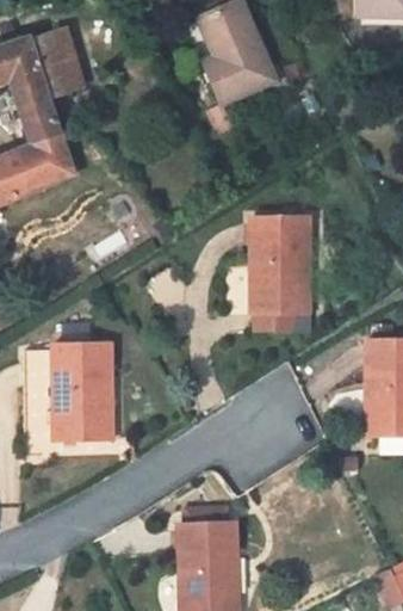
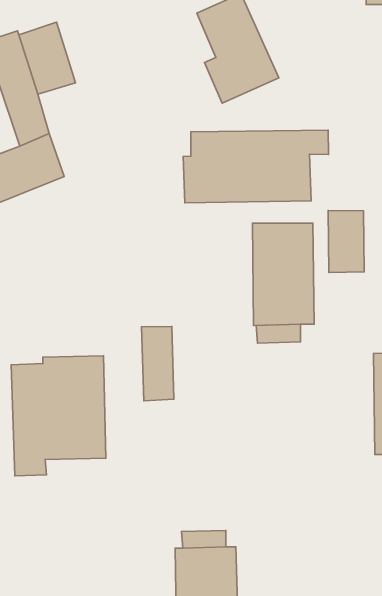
building: none -> [183,130,328,203]
building: none -> [328,210,364,273]
building: none -> [141,327,174,401]

